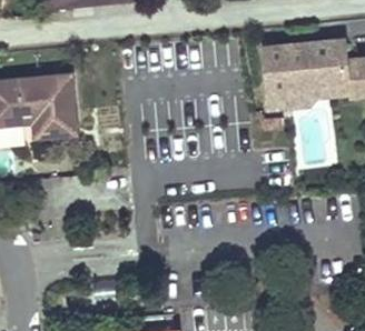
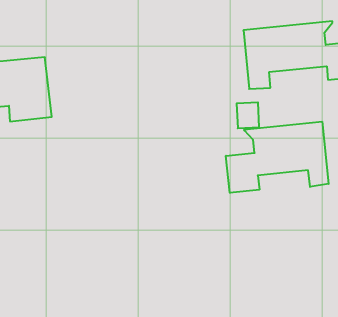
building: none -> [226,122,329,193]

